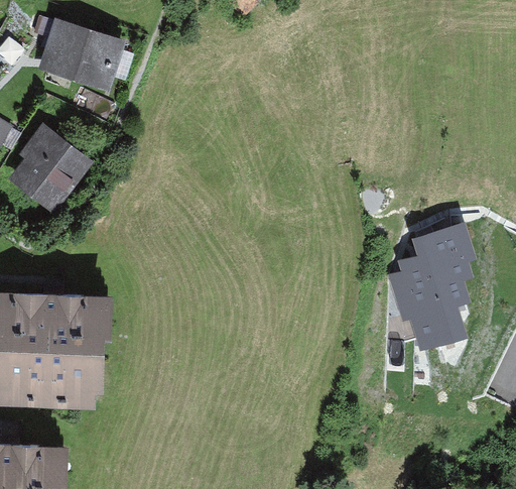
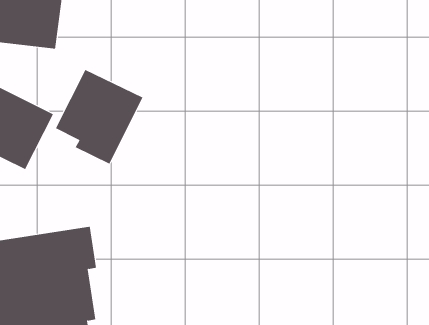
building: none -> [55,69,143,165]
building: [391,230,471,350] -> none

